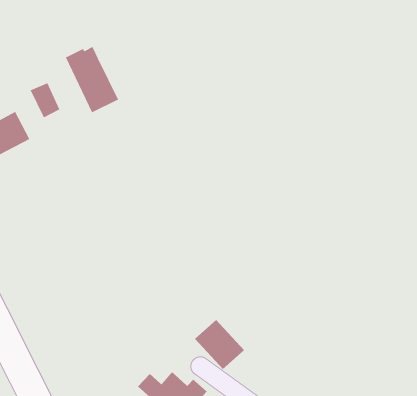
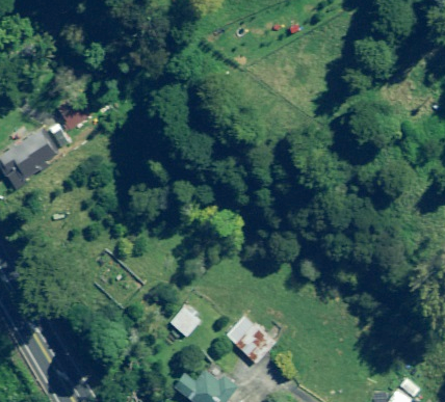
building: [65,46,119,113] -> none
building: none -> [169,307,200,338]

